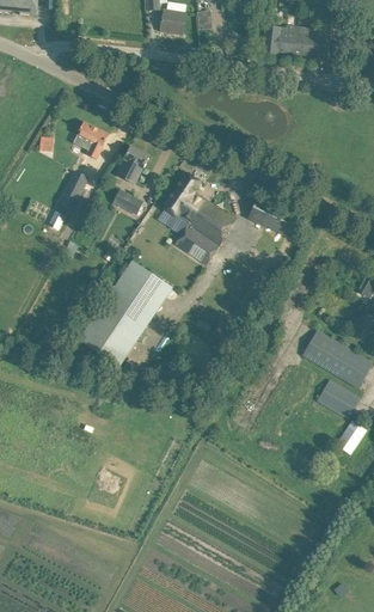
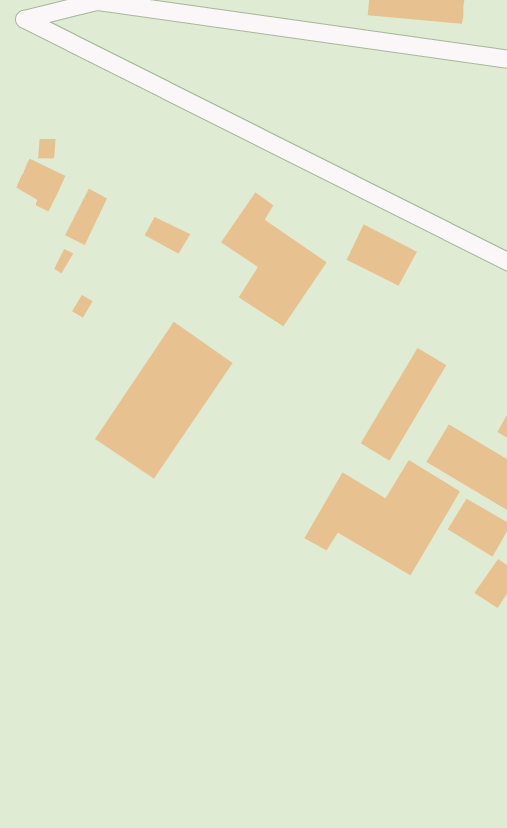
building: [74,122,109,159] -> [15,158,66,213]
building: [117,146,149,183] -> none
building: none -> [360,347,448,462]
building: none -> [303,459,461,576]

